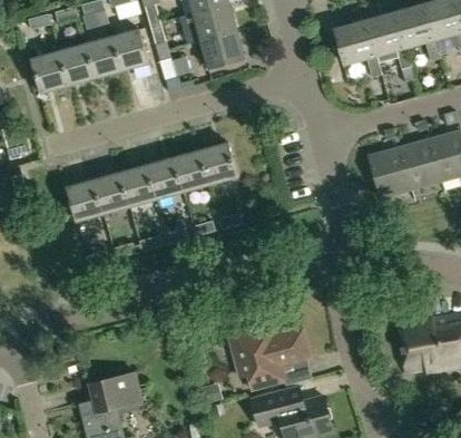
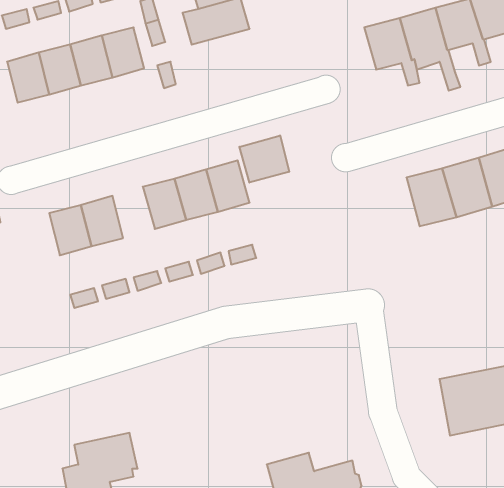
building: [199,30,244,69] -> none
building: none -> [239,135,289,183]
building: [120,164,156,207] -> none
building: [229,325,312,389] -> none

